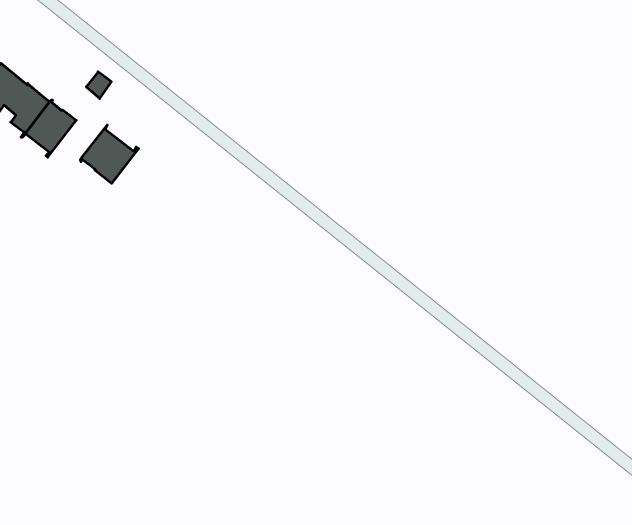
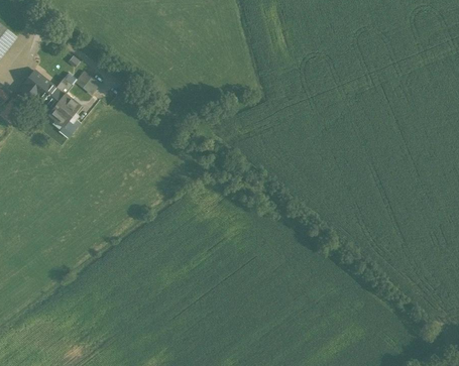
building: [80,125,139,183] -> none

